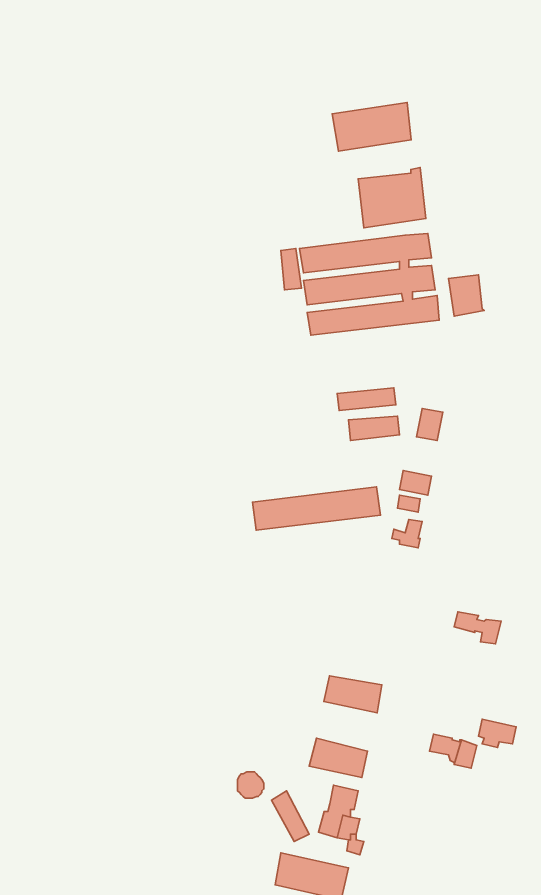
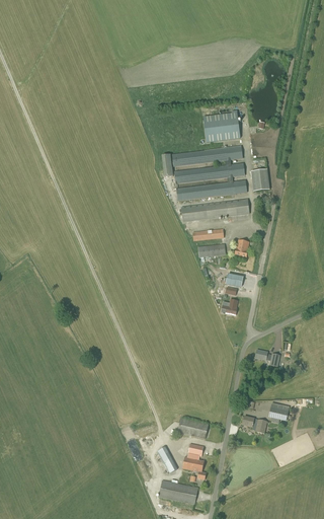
building: [332,102,411,151] -> none
building: [252,487,380,530] -> [181,198,250,221]
building: [324,676,382,713] -> none

